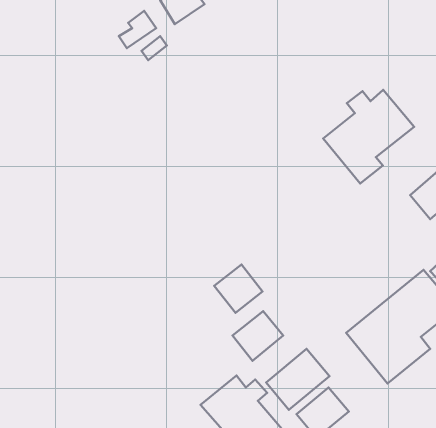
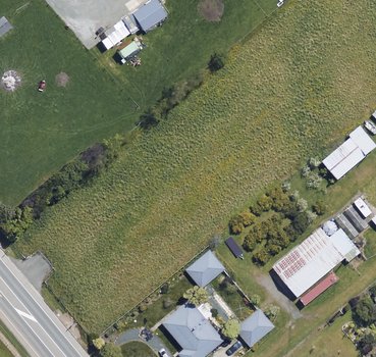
building: [323,90,414,184] -> none
building: [214,264,263,313] -> none
building: [266,349,329,410] -> none

